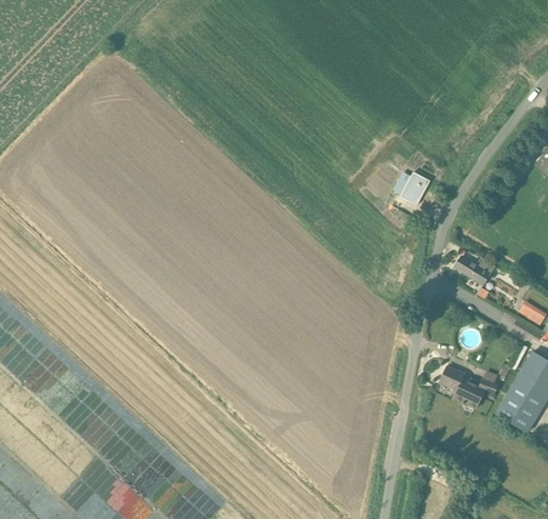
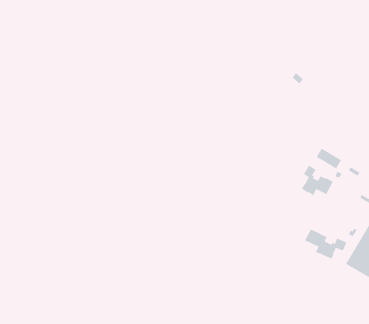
building: [400,171,430,204] -> none
building: none -> [301,165,333,196]

